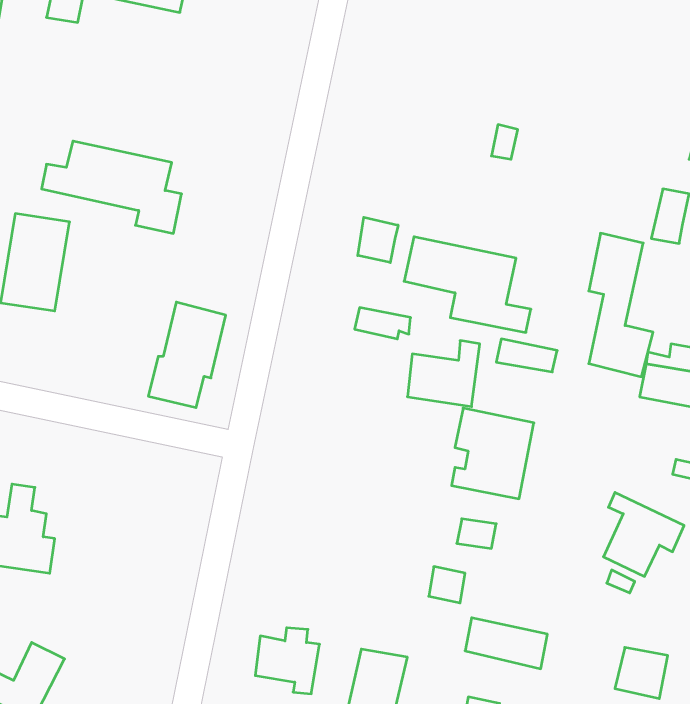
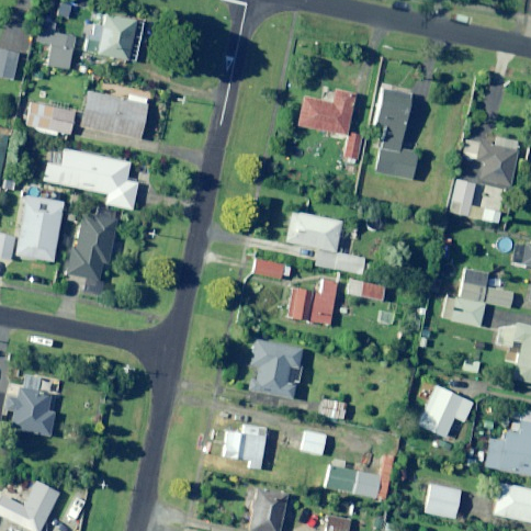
building: none -> [298,88,357,135]
building: none -> [81,90,148,138]
building: none -> [27,102,77,134]
building: [358,217,398,263] -> none
building: [589,233,653,377] -> [376,84,419,180]
building: [148,302,226,408] -> [67,211,118,281]
building: [452,408,534,499] -> [249,338,304,398]
building: [255,628,320,694] -> [224,425,267,468]

